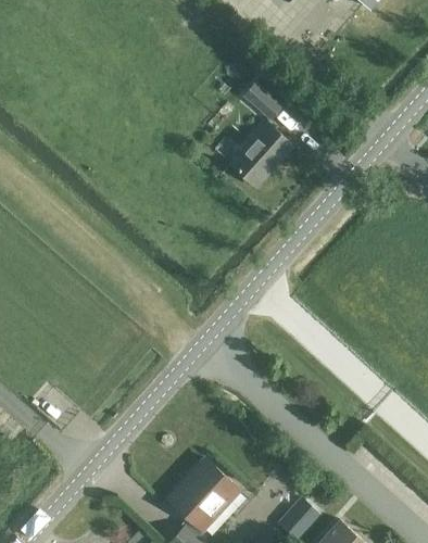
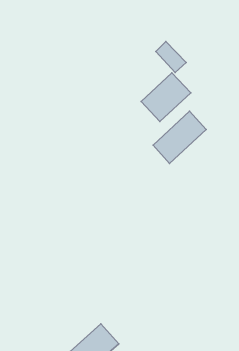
building: none -> [153,111,206,163]

